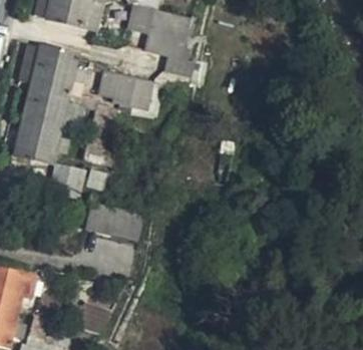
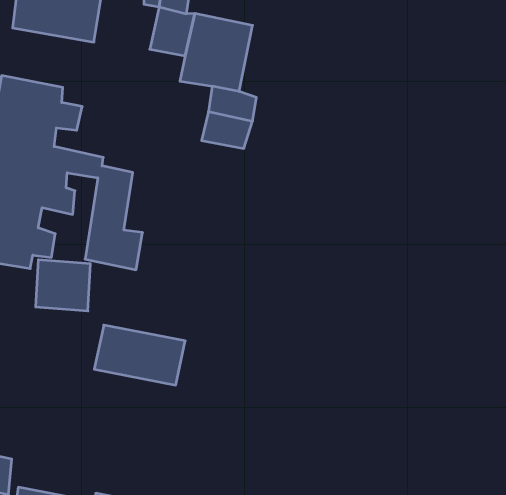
building: [96,71,150,108] -> none

